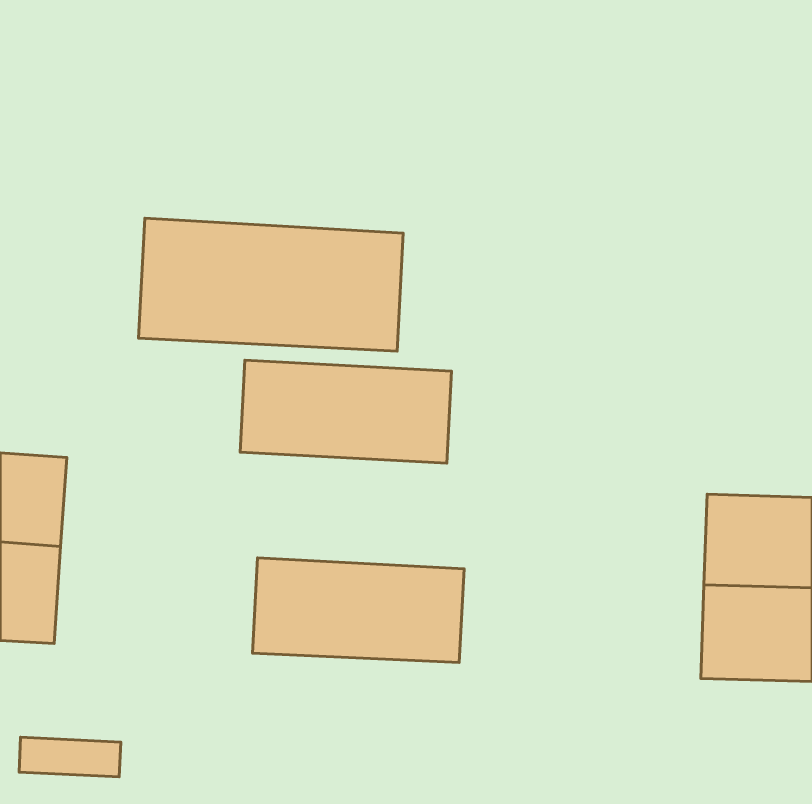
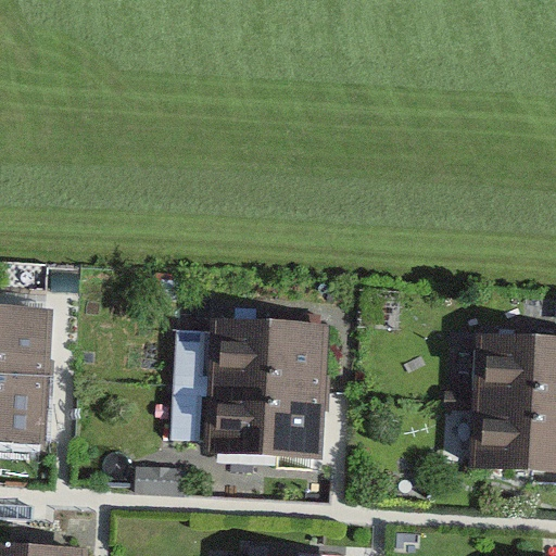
building: [138,218,403,351] -> none
building: [240,360,451,463] -> [176,318,320,389]

